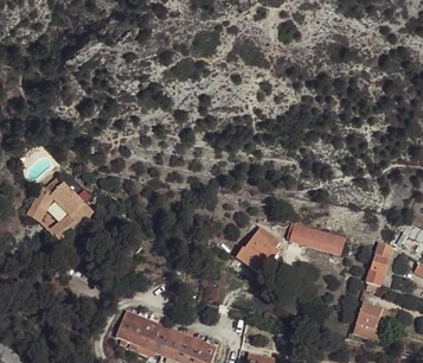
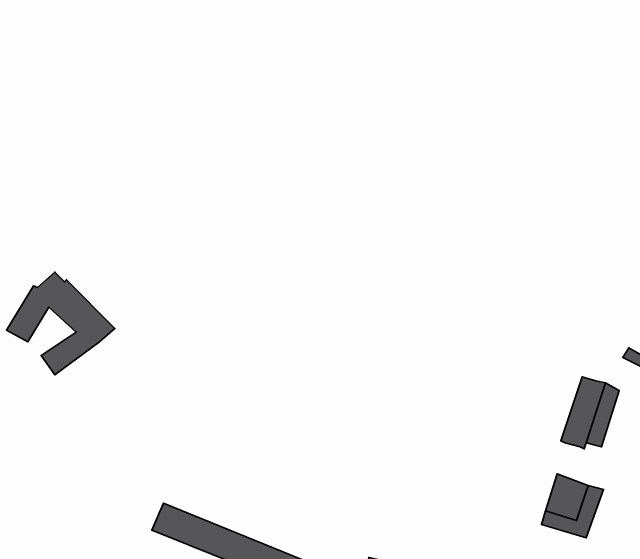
building: [288,223,344,254] -> none
building: [236,227,277,274] -> none

